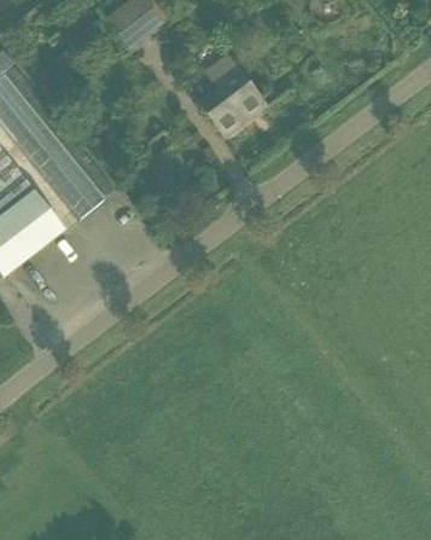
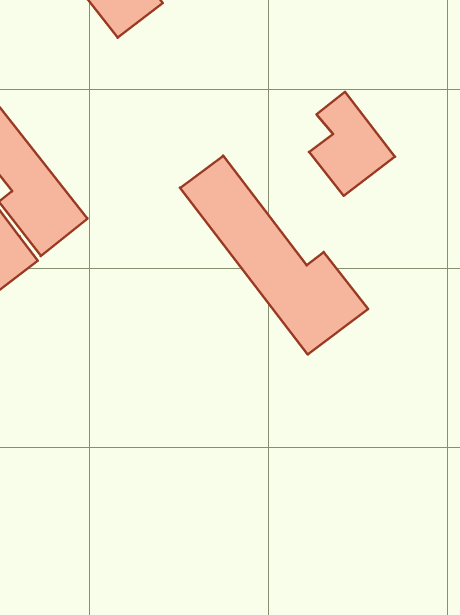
building: [197,50,266,133] -> [309,92,395,196]
building: none -> [180,156,368,354]

